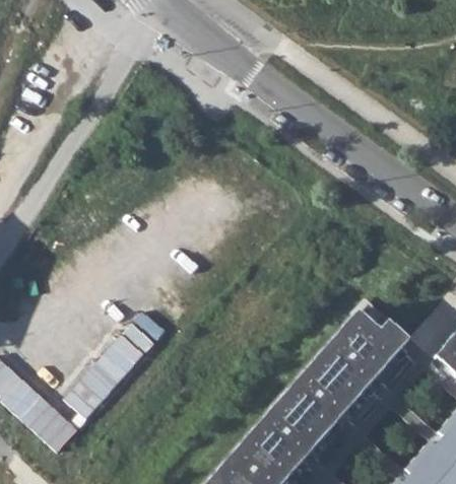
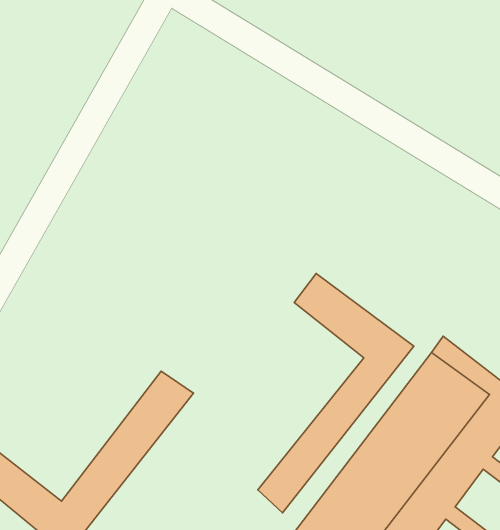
building: none -> [258,273,414,513]

